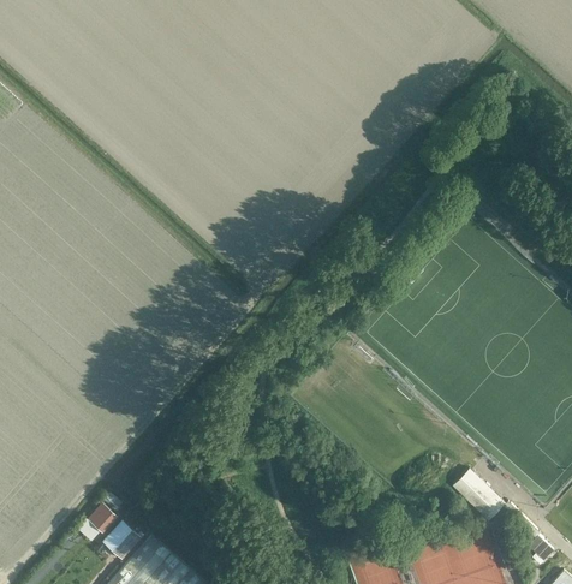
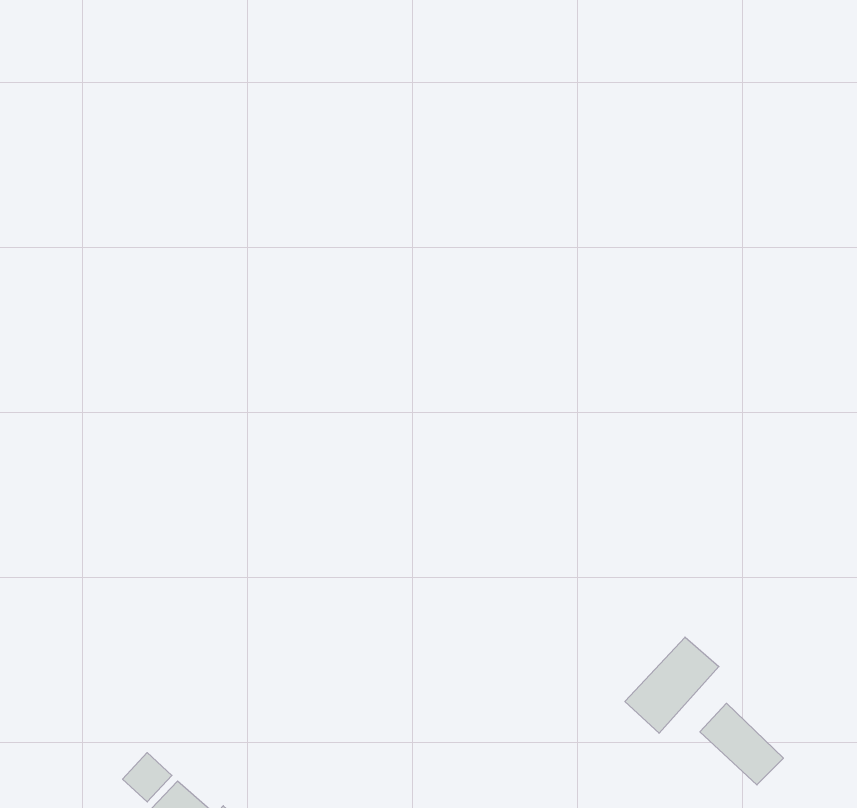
building: none -> [625,637,719,733]

